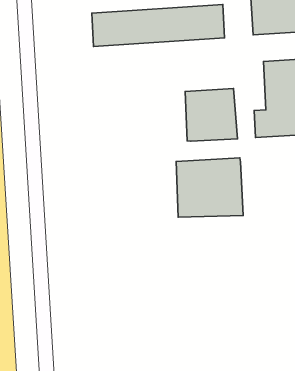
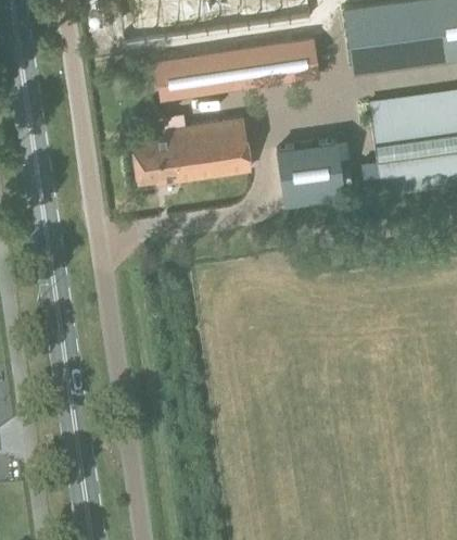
building: none -> [134,117,251,183]
building: [176,158,243,217] -> none

